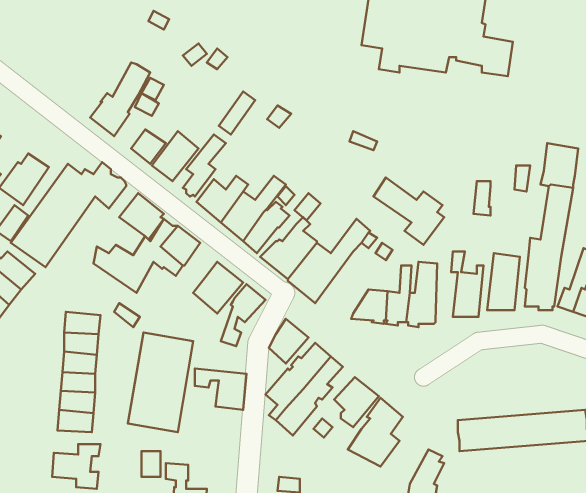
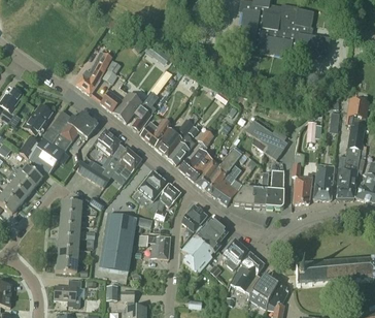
building: none -> [210,163,240,204]
building: none -> [249,273,278,300]

